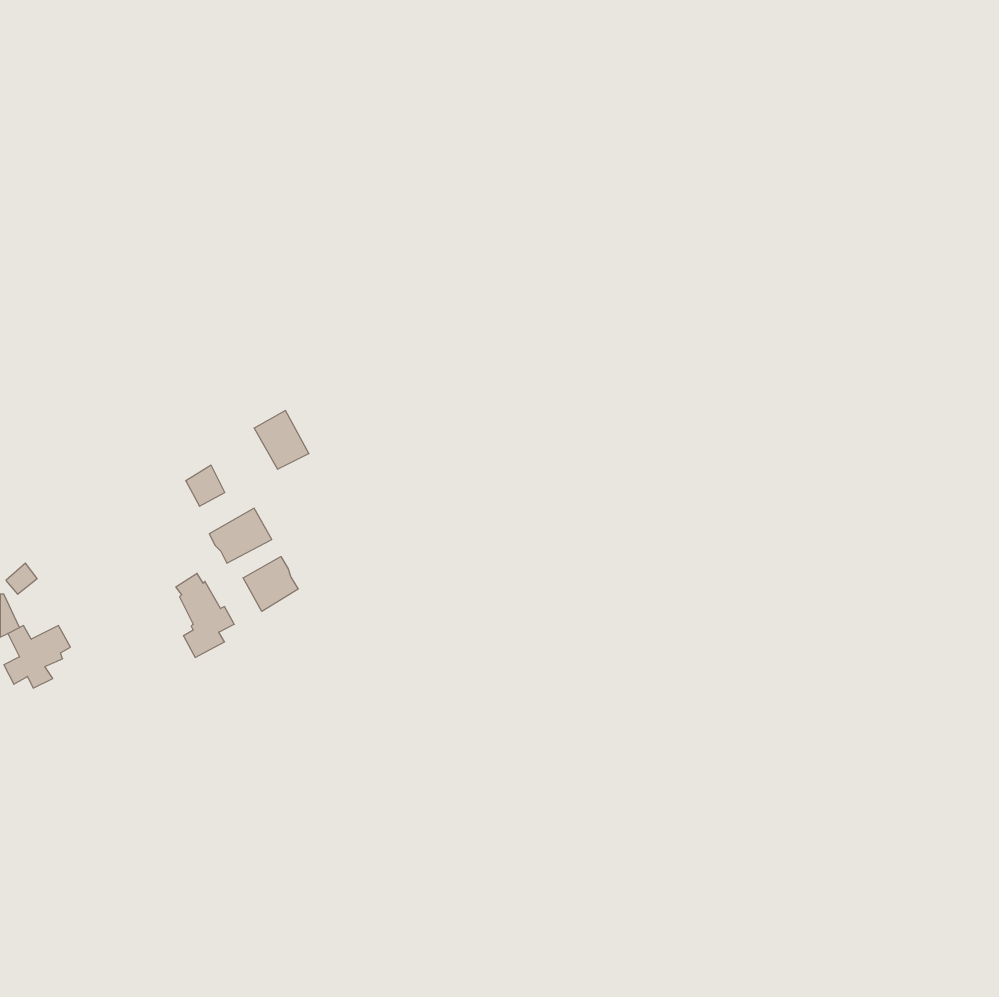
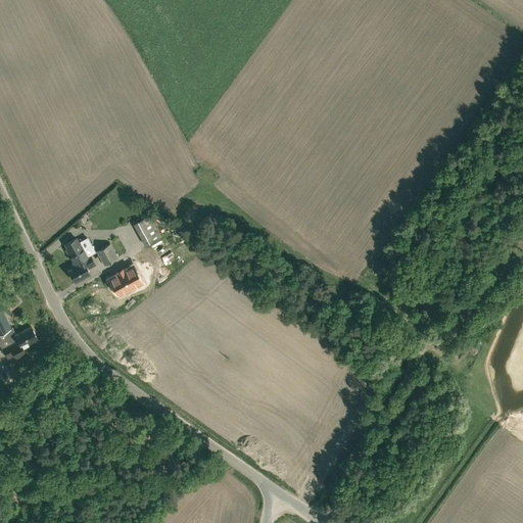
building: [243,557,298,611] -> none
building: [176,573,234,657] -> [64,238,95,282]

